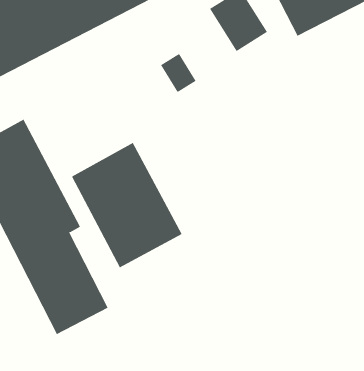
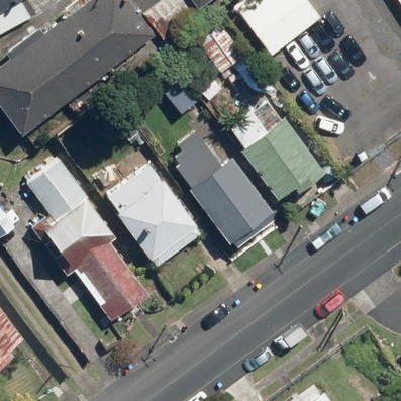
building: none -> [225,97,326,198]
building: none -> [172,128,271,243]

